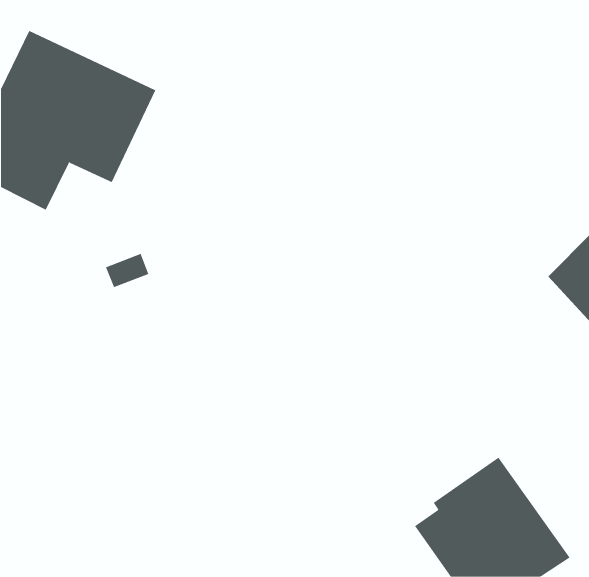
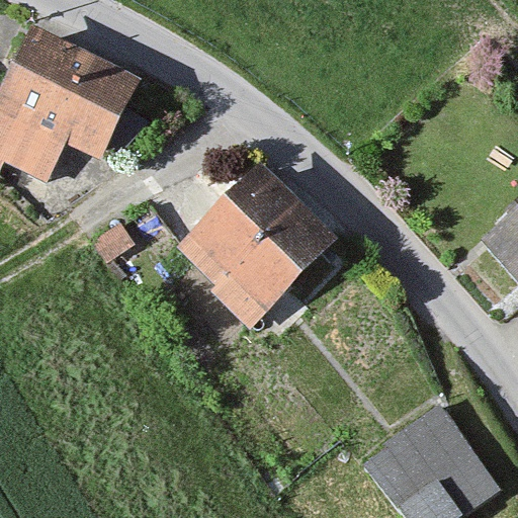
building: none -> [176,162,337,327]

